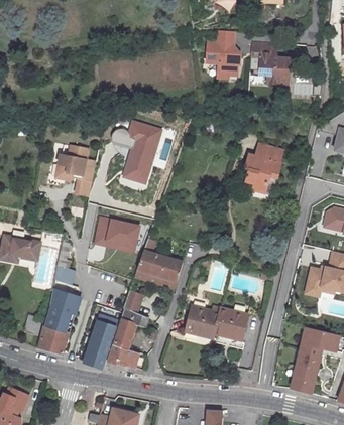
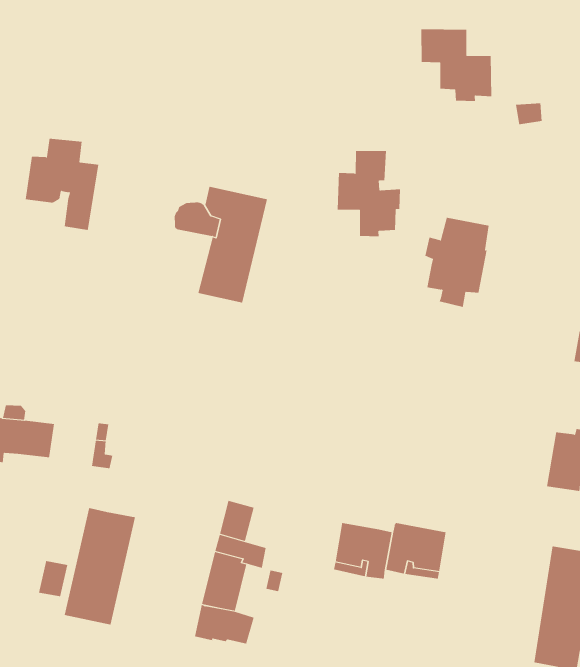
building: [206,32,241,80] -> [337,151,401,237]
building: [55,145,97,196] -> [25,138,99,231]
building: [93,216,141,254] -> none
building: [134,248,184,290] -> none
building: [83,313,119,370] -> none

